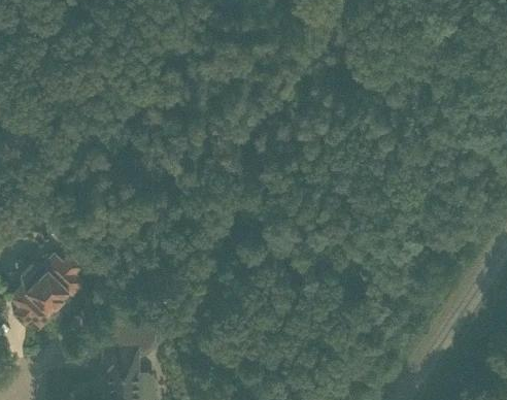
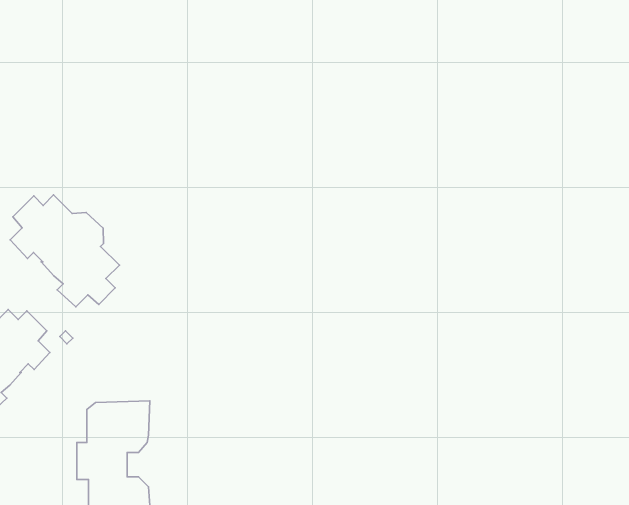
building: none -> [10,195,119,307]

